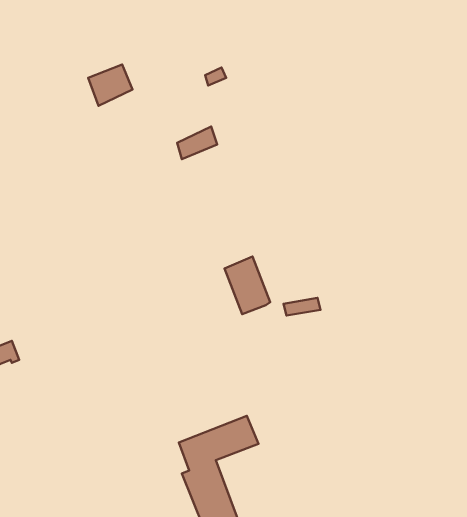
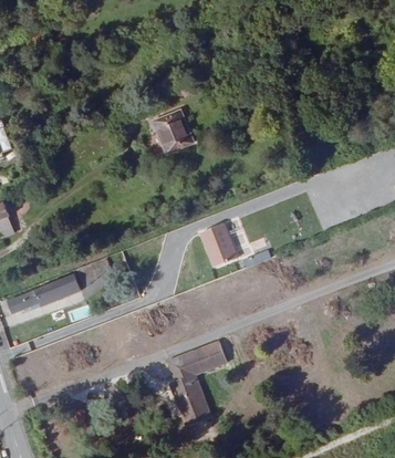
building: [88,65,132,106] -> [155,106,188,137]
building: none -> [39,271,80,304]

